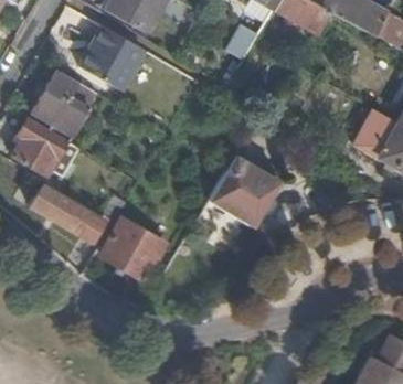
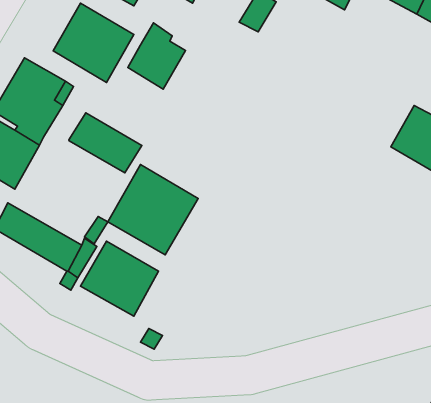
building: none -> [128,23,185,89]
building: none -> [69,113,142,173]
building: [208,149,280,222] -> [108,164,198,255]

